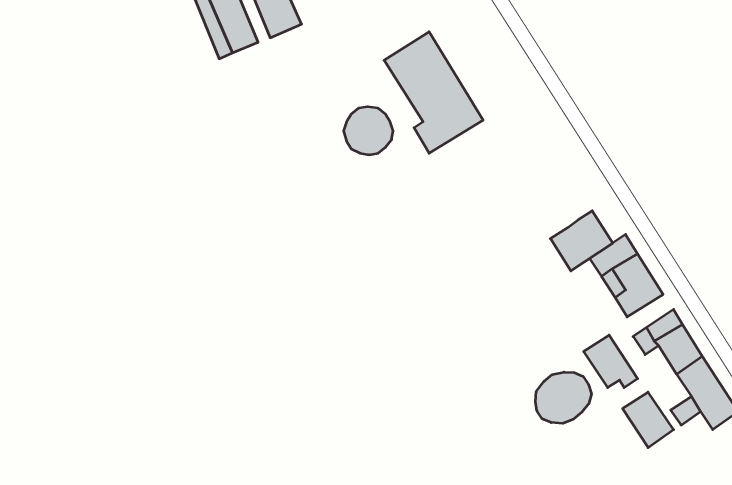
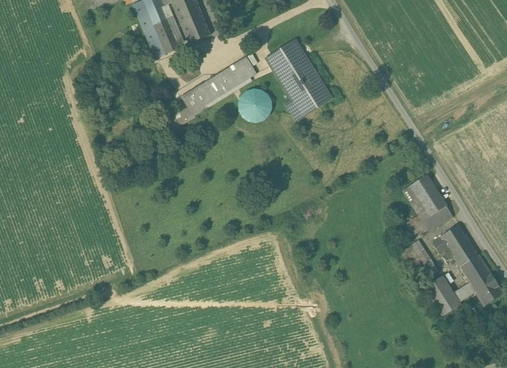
building: none -> [163,55,257,131]
building: [550,211,613,271] -> none
building: [535,372,591,423] -> none

